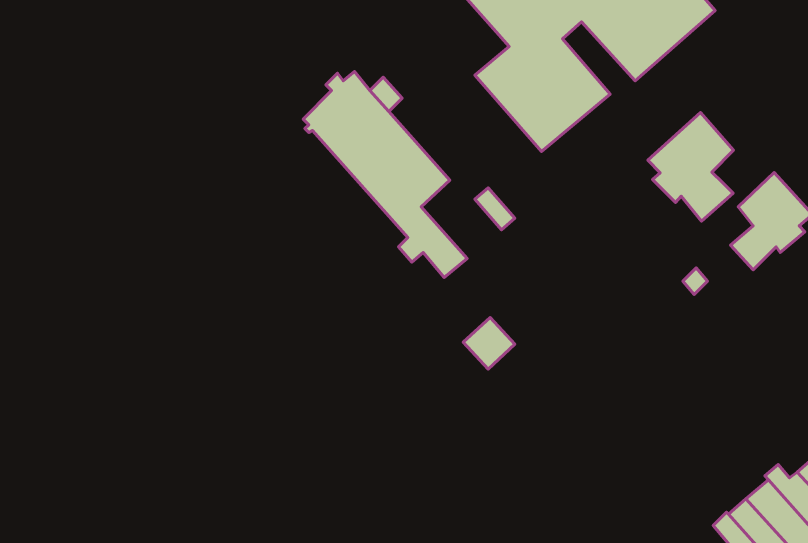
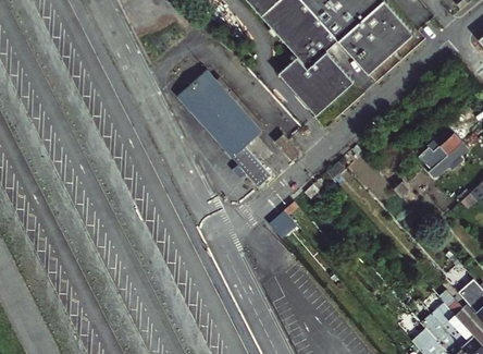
building: [648,112,733,221] -> none

